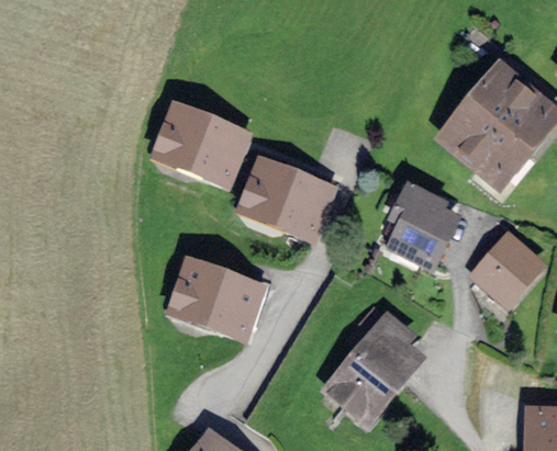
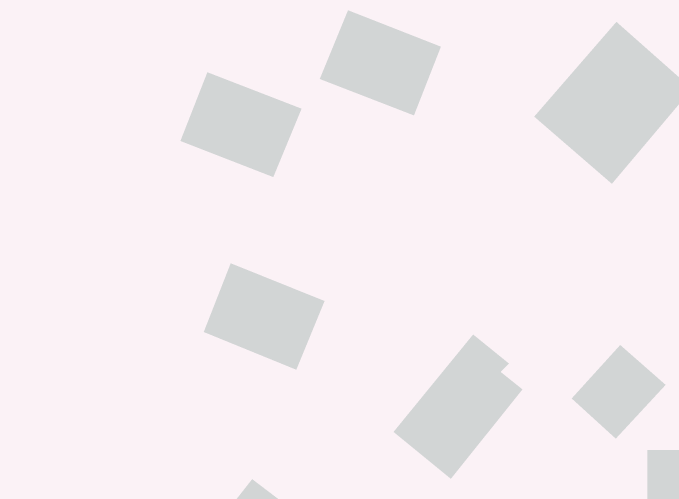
building: [237,155,336,240] -> [319,10,442,116]
building: [387,183,463,267] -> none
building: [469,228,546,305] -> [571,344,666,440]

